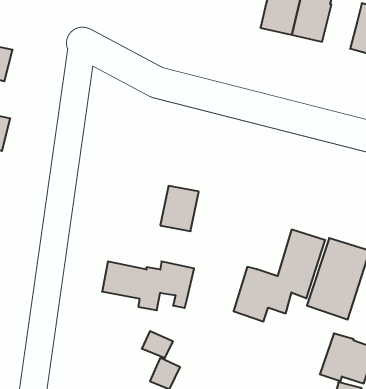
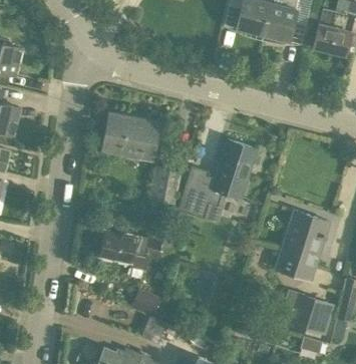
building: none -> [102,112,160,160]
building: [233,230,325,321] -> [177,139,257,219]

